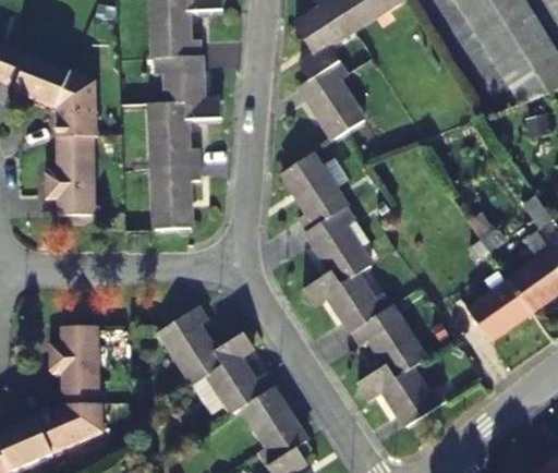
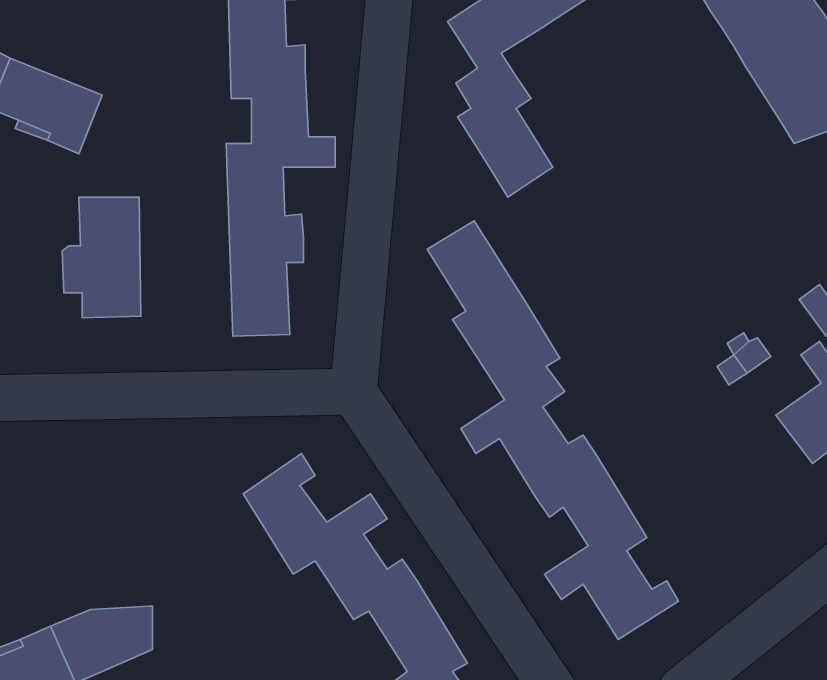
building: [54,72,96,138] -> none
building: [468,280,532,341] -> none
building: [50,327,100,407] -> none

